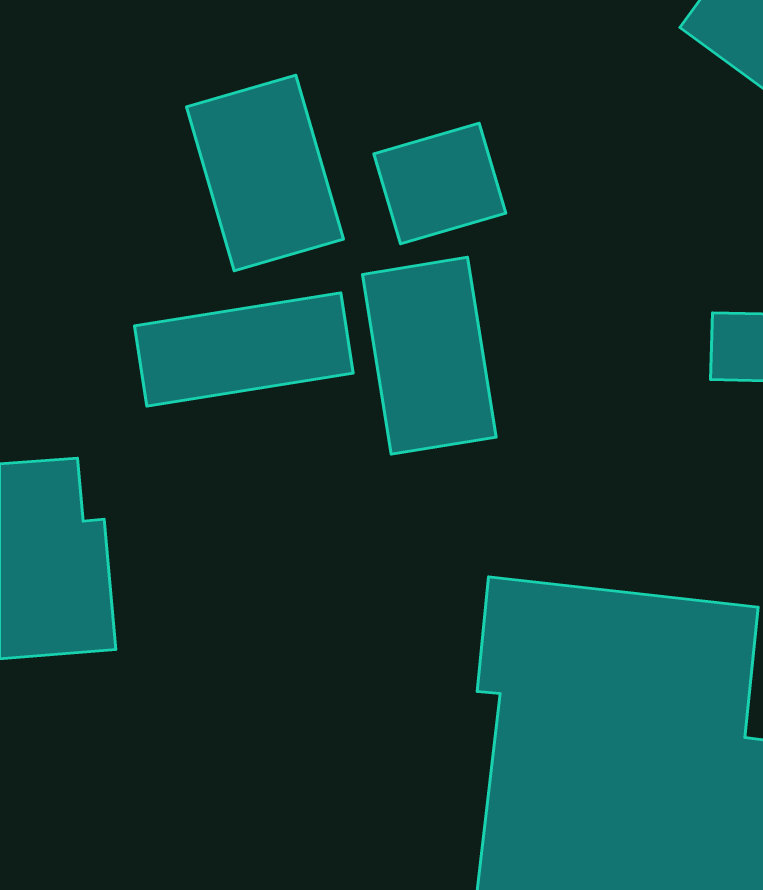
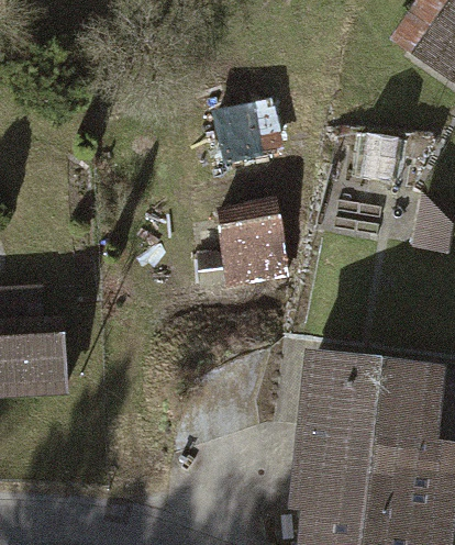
building: [187,75,344,271] -> none
building: [135,293,353,406] -> none

